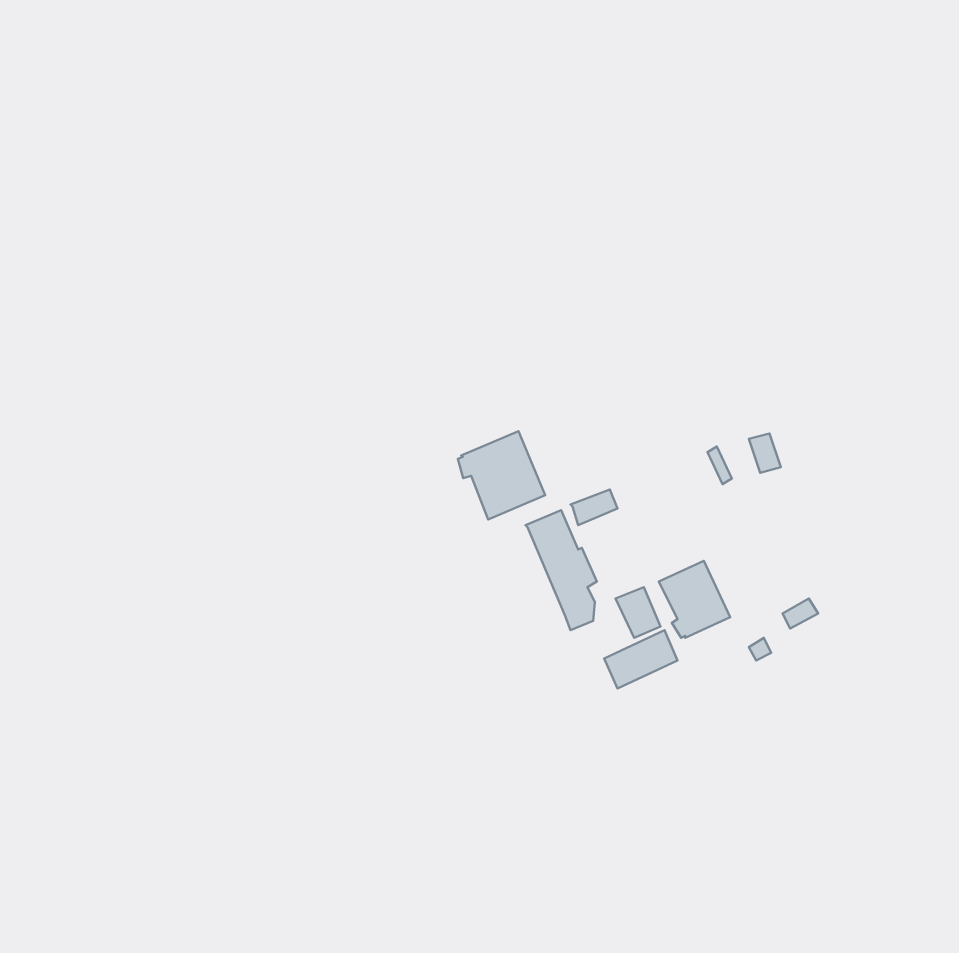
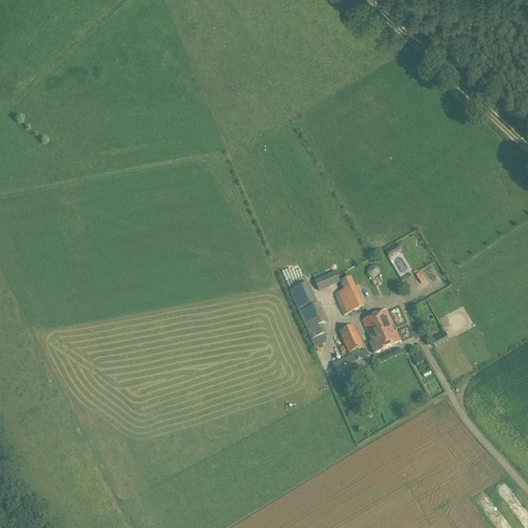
building: [458,431,545,520] -> none
building: none -> [334,276,364,314]

